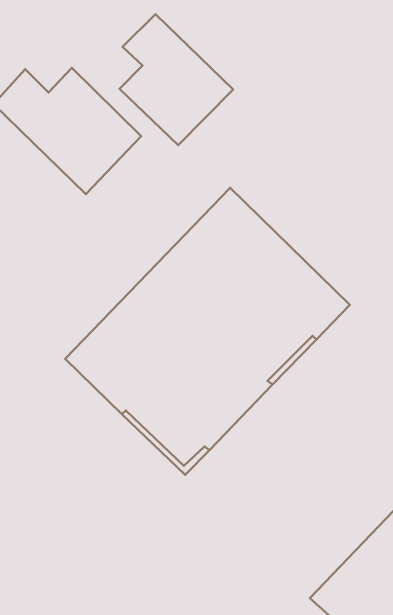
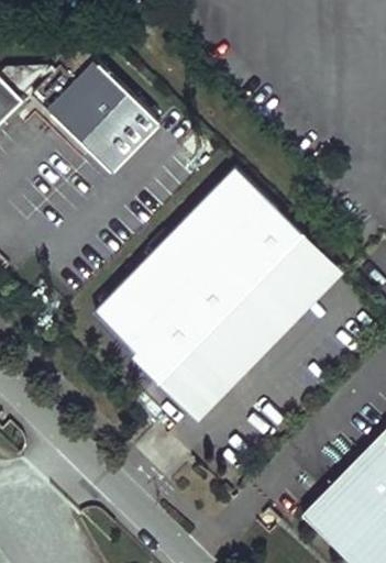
building: [119,14,233,145] -> none

